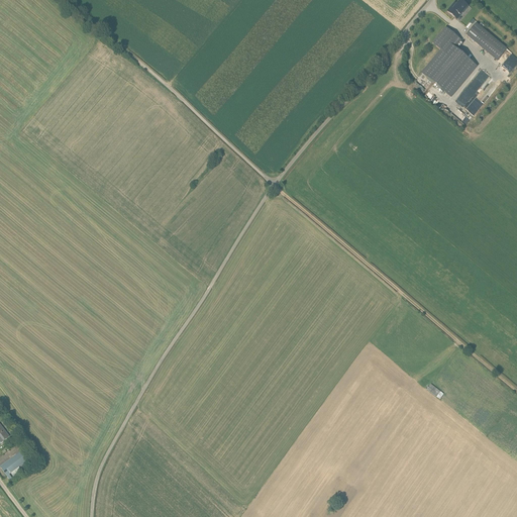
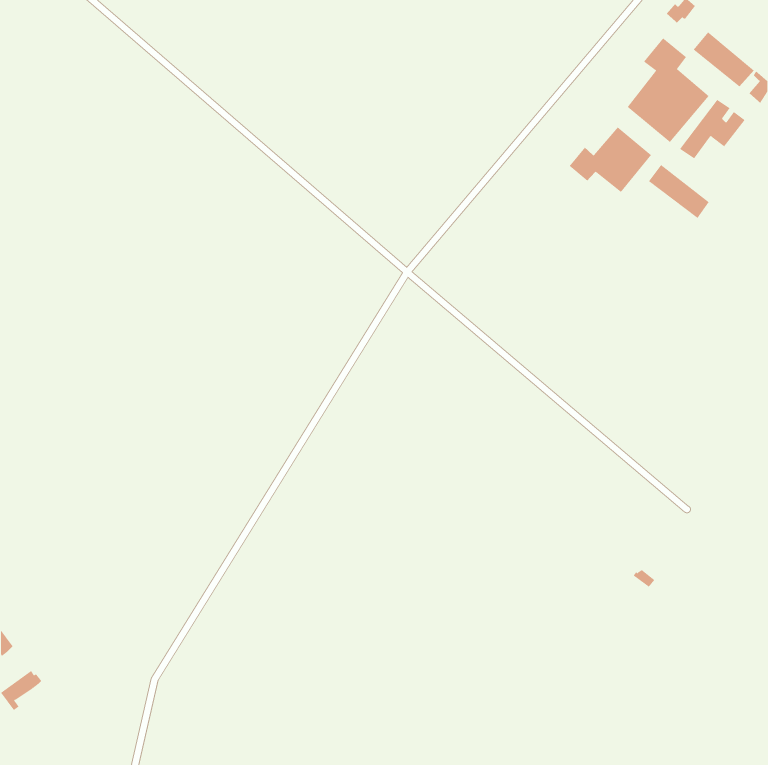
building: none -> [569,127,652,193]
building: none -> [648,164,709,219]

